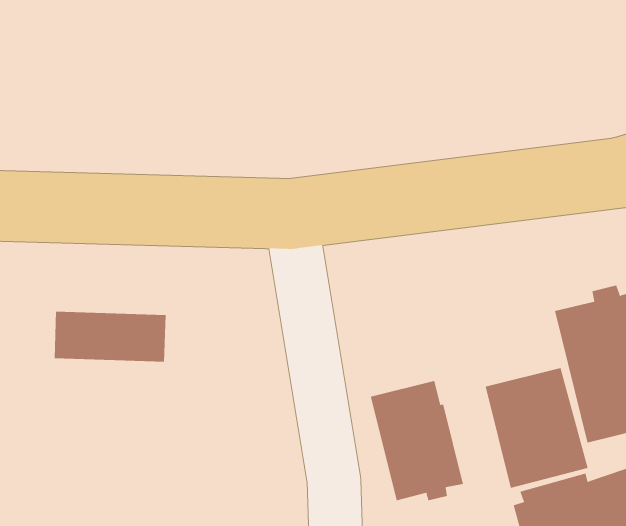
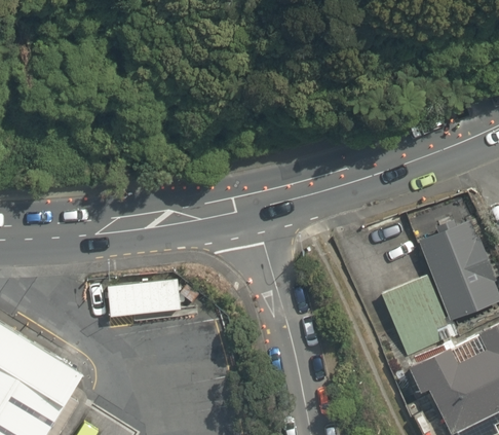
building: [370,380,463,501] -> none

